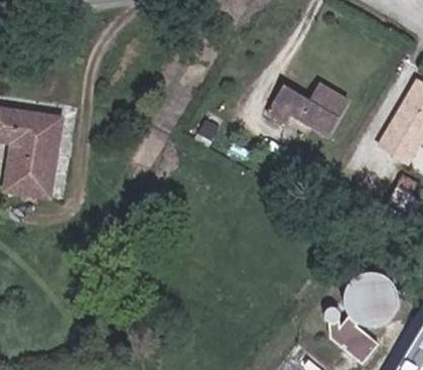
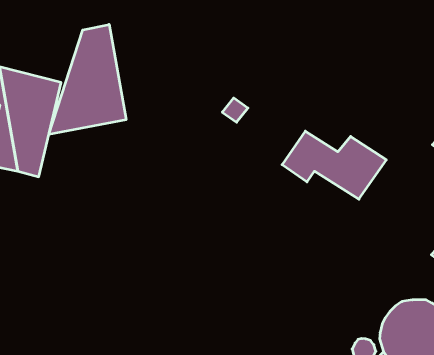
building: none -> [49,24,126,134]
building: [262,86,344,136] -> [282,131,386,199]

